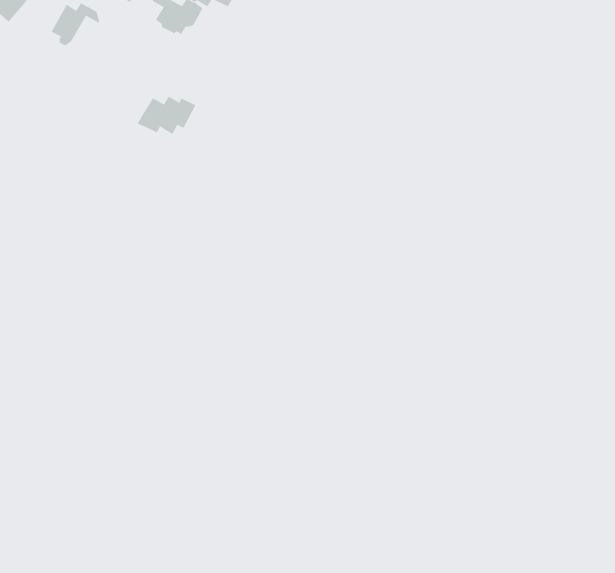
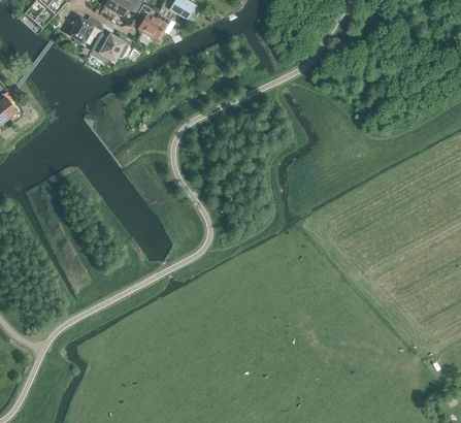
building: [137,96,196,135] -> [91,35,130,61]

